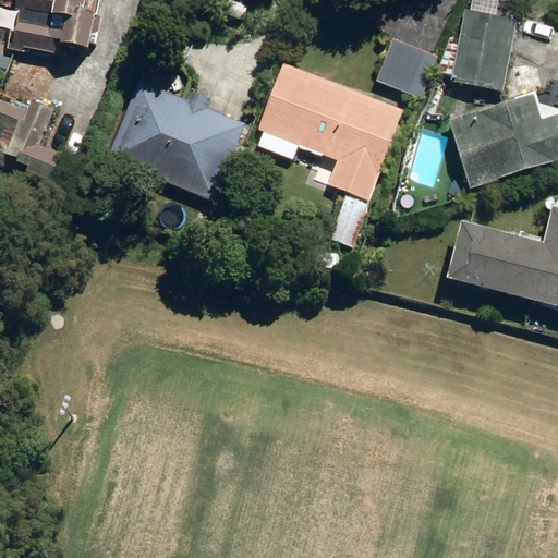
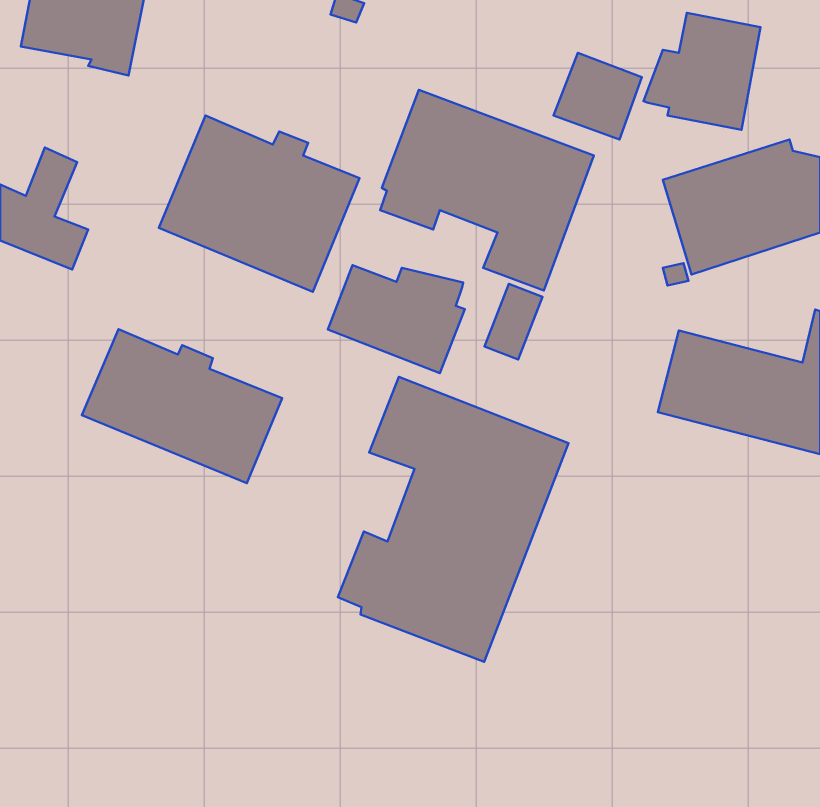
building: none -> [328,265,465,373]
building: none -> [82,329,282,483]
building: none -> [338,377,568,662]

